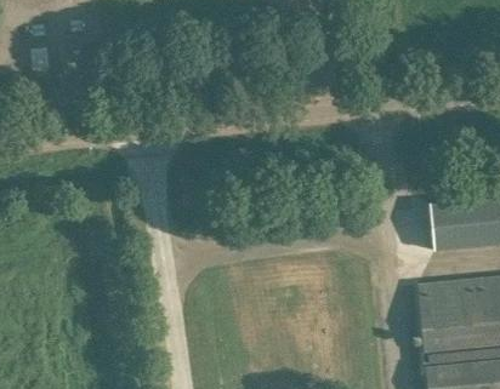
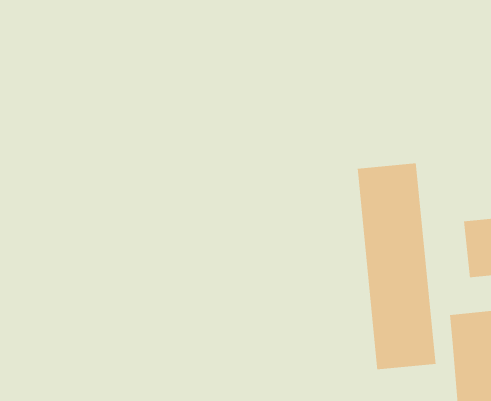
building: none -> [357,163,436,370]

